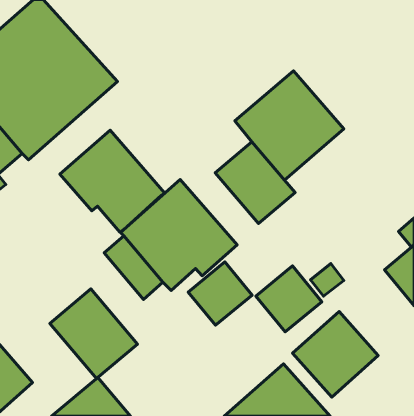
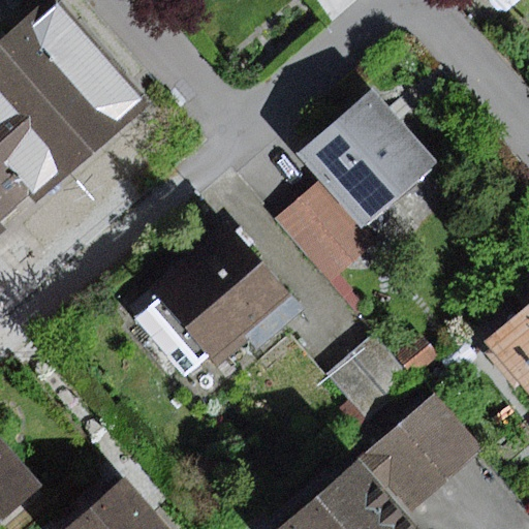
building: [60,130,164,232] -> none
building: [188,262,252,325] -> none
building: [50,289,138,379] -> none

